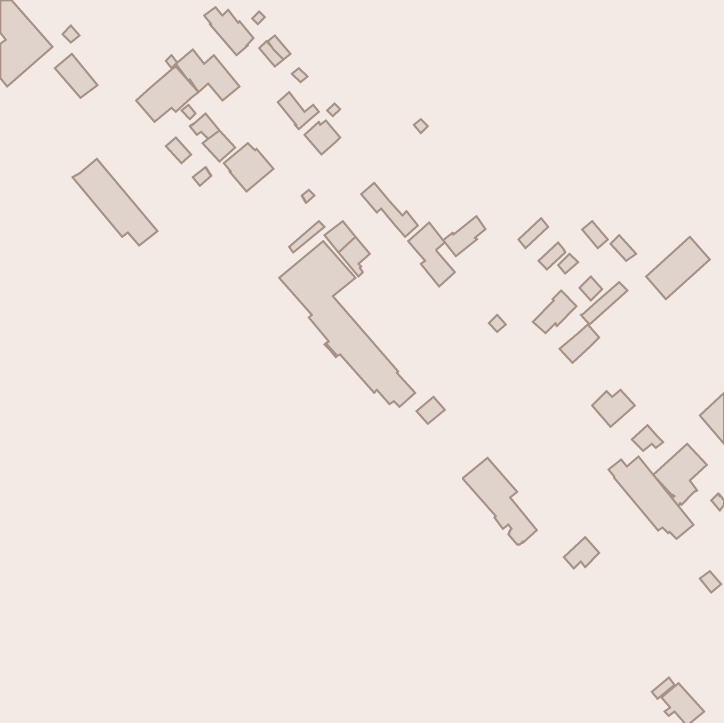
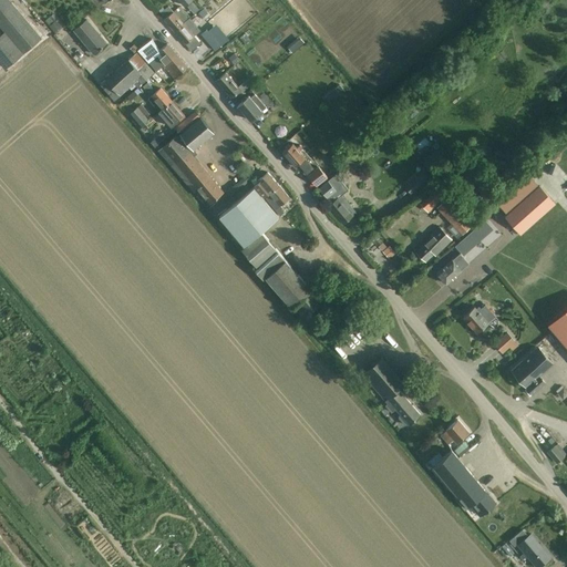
building: [55,54,97,98] -> [73,20,106,54]
building: [73,159,158,245] -> [157,136,224,204]
building: [443,216,486,256] -> none
building: [609,457,694,539] -> [429,451,495,515]

